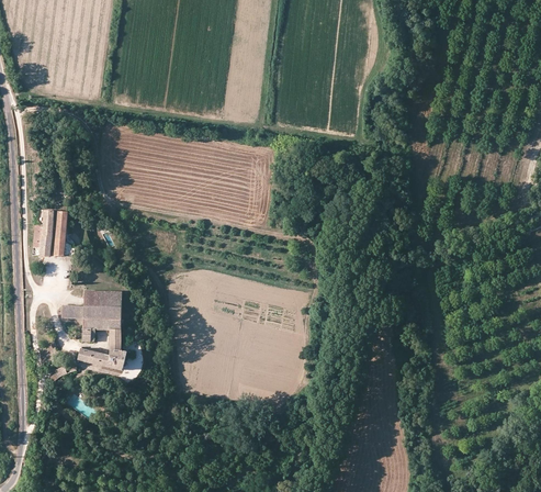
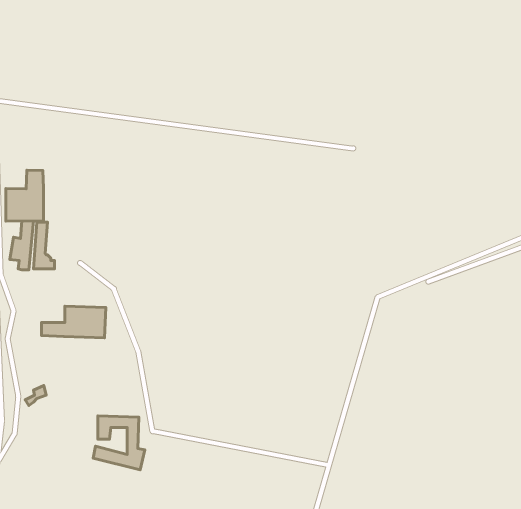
building: none -> [6,170,44,221]
building: [78,318,126,369] -> [93,416,145,470]

